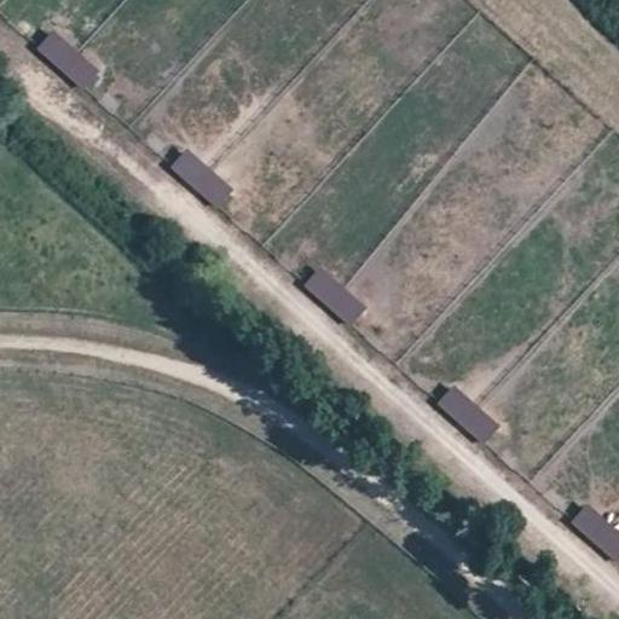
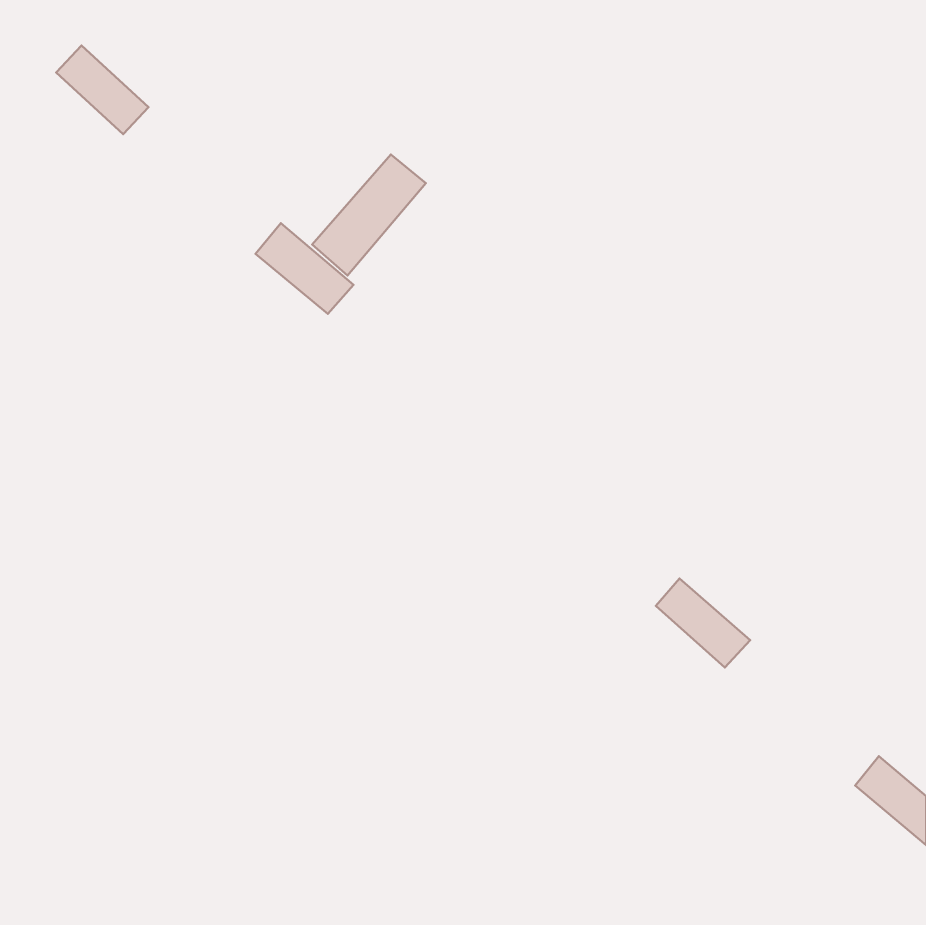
building: none -> [312,155,426,276]
building: [303,267,366,325] -> none

